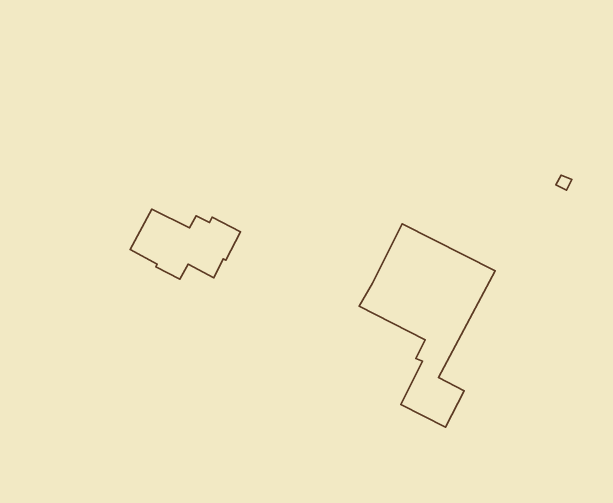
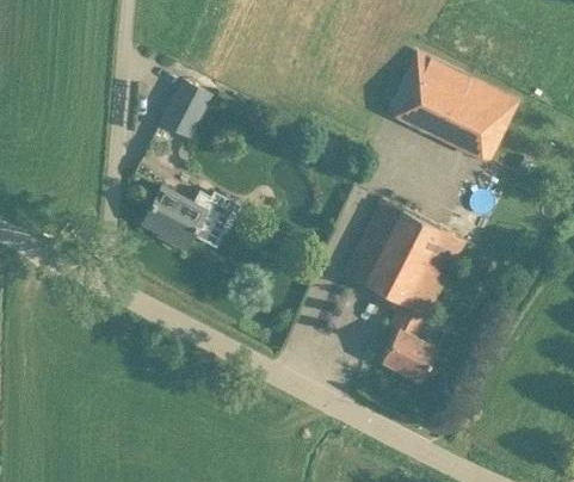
building: none -> [407,63,517,161]
building: none -> [160,79,210,136]

